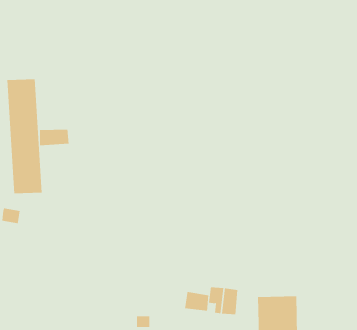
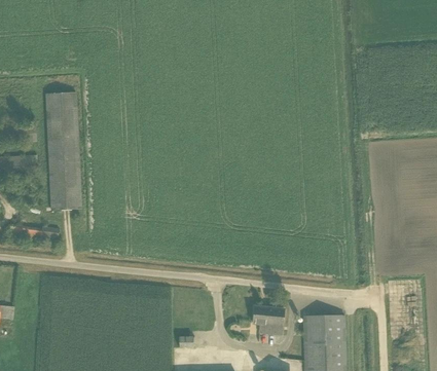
building: [39,129,69,146] -> none
building: [184,291,209,311] -> none

